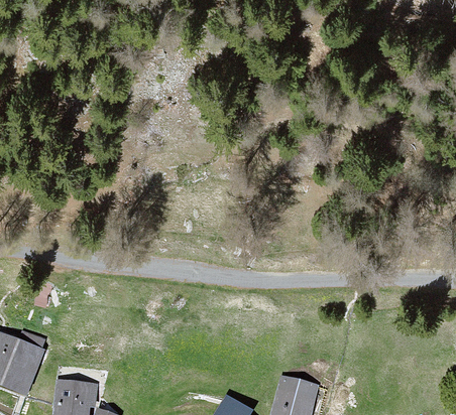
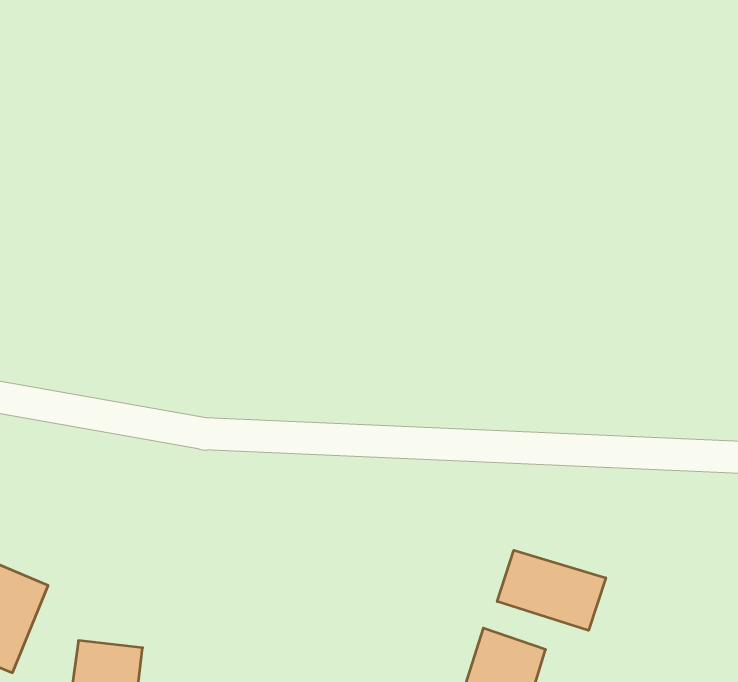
building: none -> [497,550,606,630]

